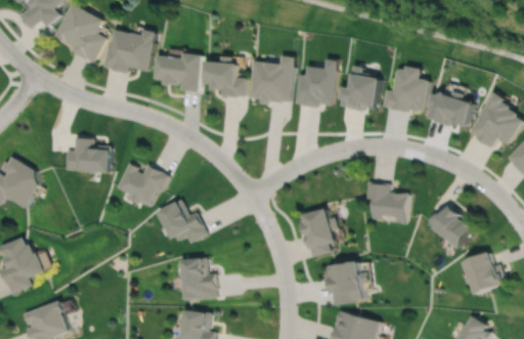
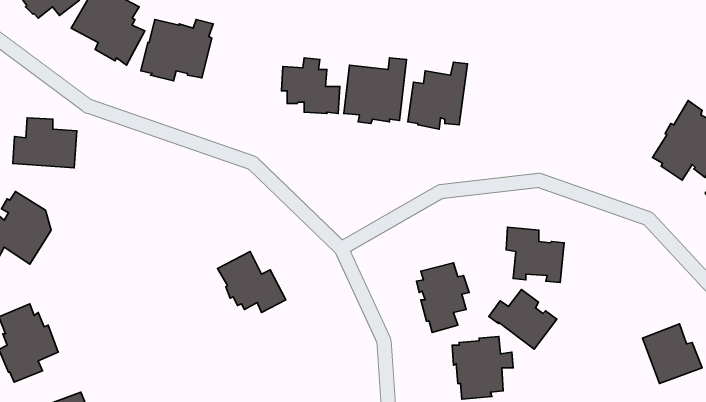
building: [152,55,201,93] -> none
building: [384,62,432,111] -> none
building: [340,68,382,113] -> none
building: [428,87,476,126] -> none
building: [64,135,111,171] -> [13,118,77,168]
building: [116,161,169,203] -> none
building: [427,203,476,246] -> [489,289,557,349]
building: [180,256,218,299] -> none

